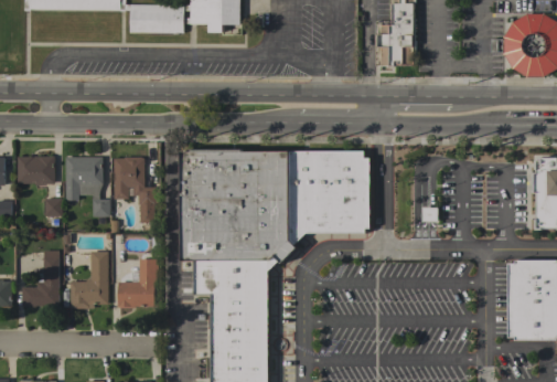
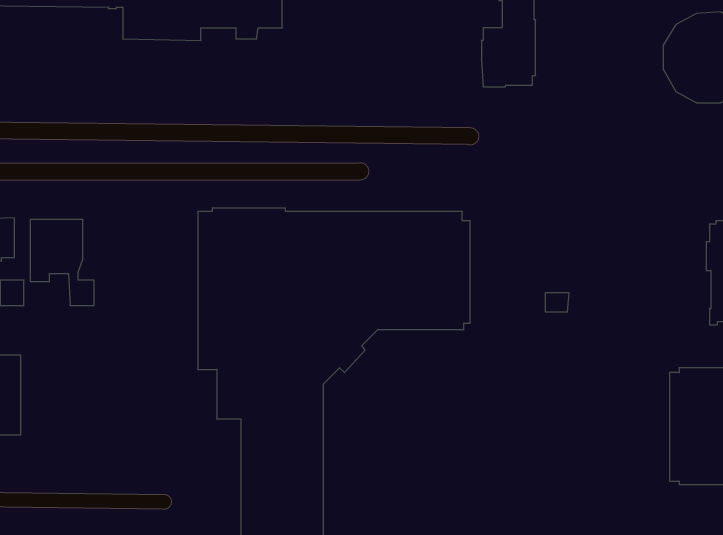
building: [114,157,160,222] -> none
building: [69,251,109,309] -> none
building: [118,258,159,308] -> none

